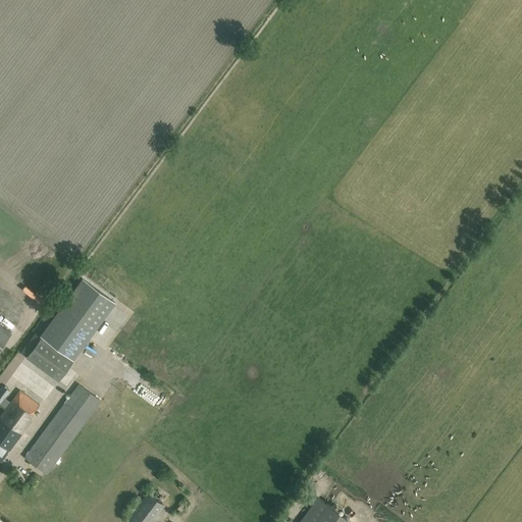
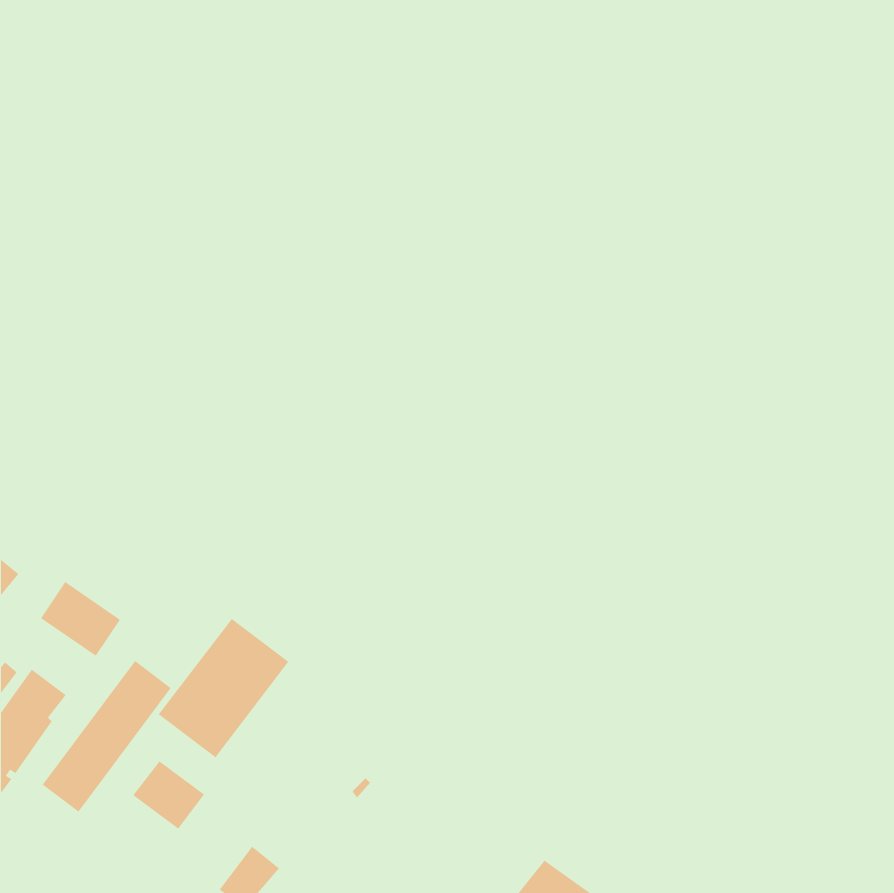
building: [40,279,116,361] -> [158,618,289,758]
building: none -> [133,760,205,829]

